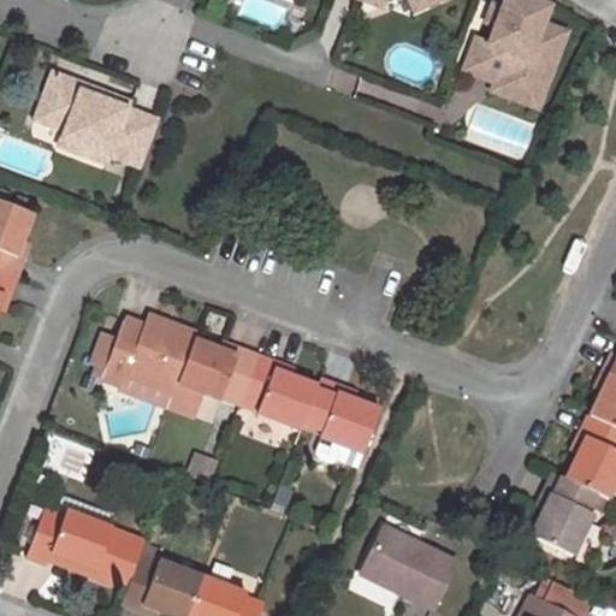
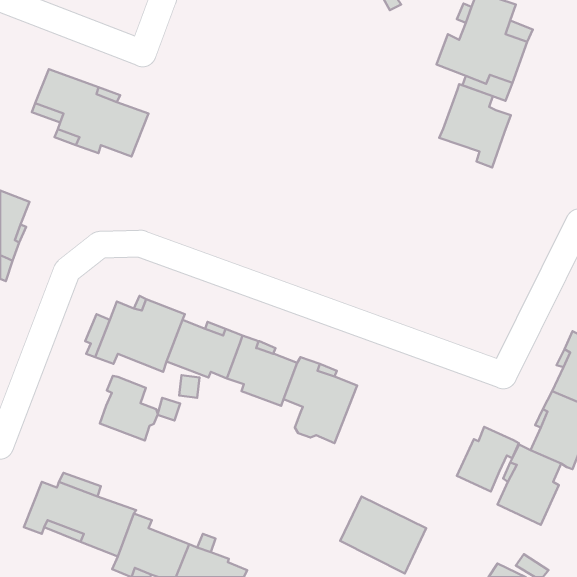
building: none -> [439,84,511,167]
building: none -> [100,376,158,440]
building: none -> [457,427,519,491]

